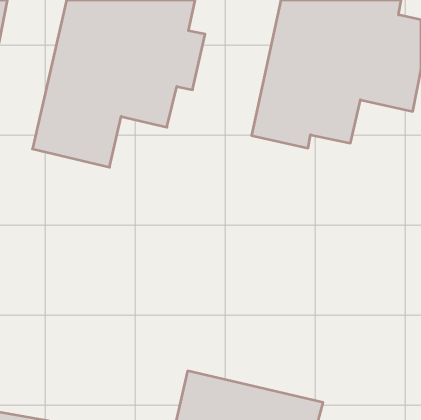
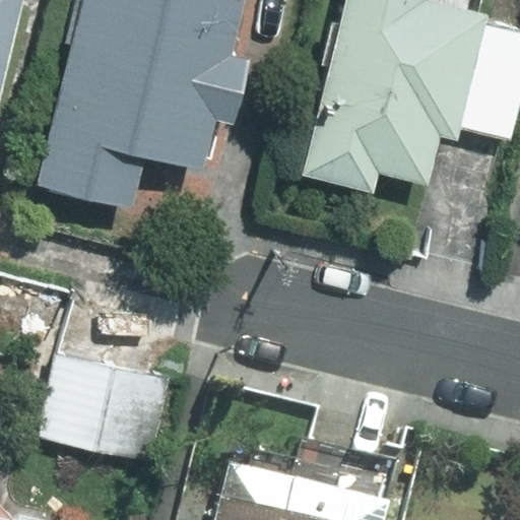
building: none -> [36,352,154,455]

